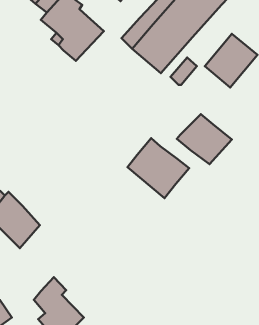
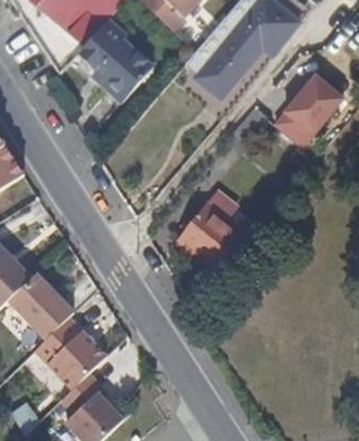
building: [177,114,232,164] -> none
building: none -> [49,327,106,389]

